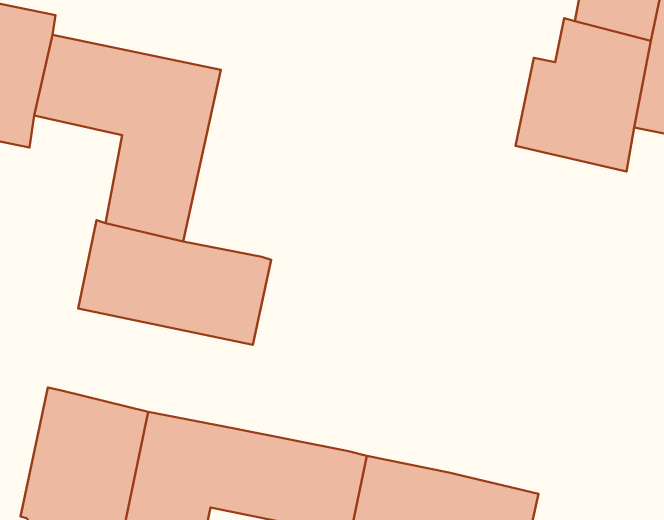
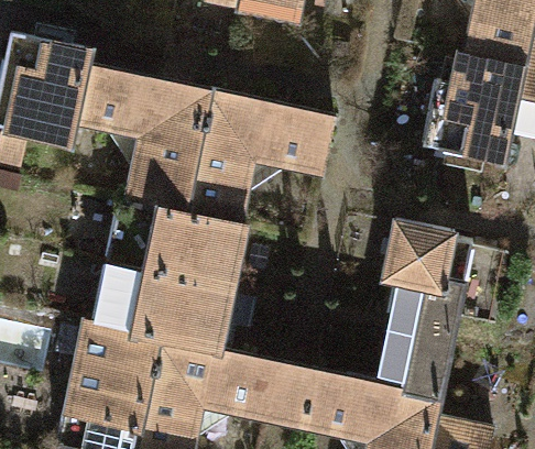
building: none -> [184,90,335,226]
building: none -> [376,220,474,397]
building: none -> [96,263,234,350]

